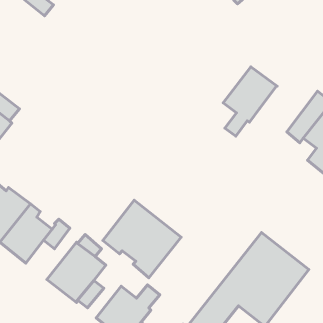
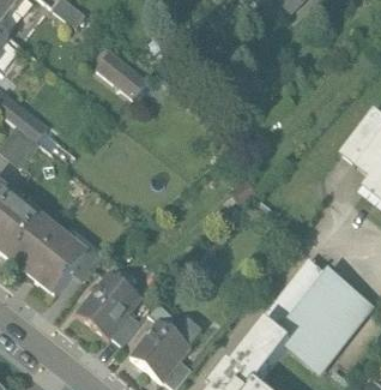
building: none -> [95,50,146,96]
building: [223,67,277,136] -> none
building: [103,200,181,278] -> none

